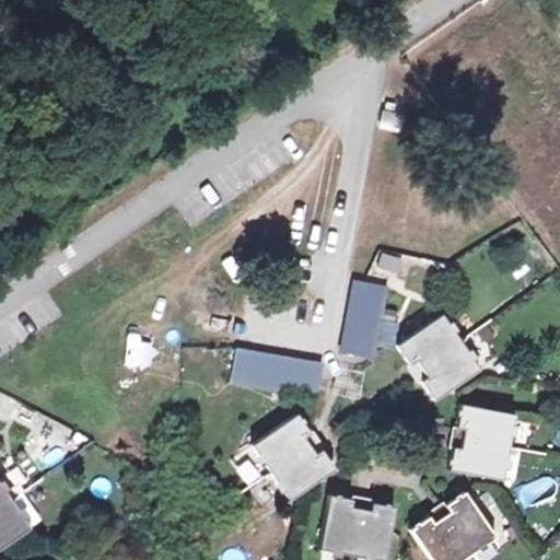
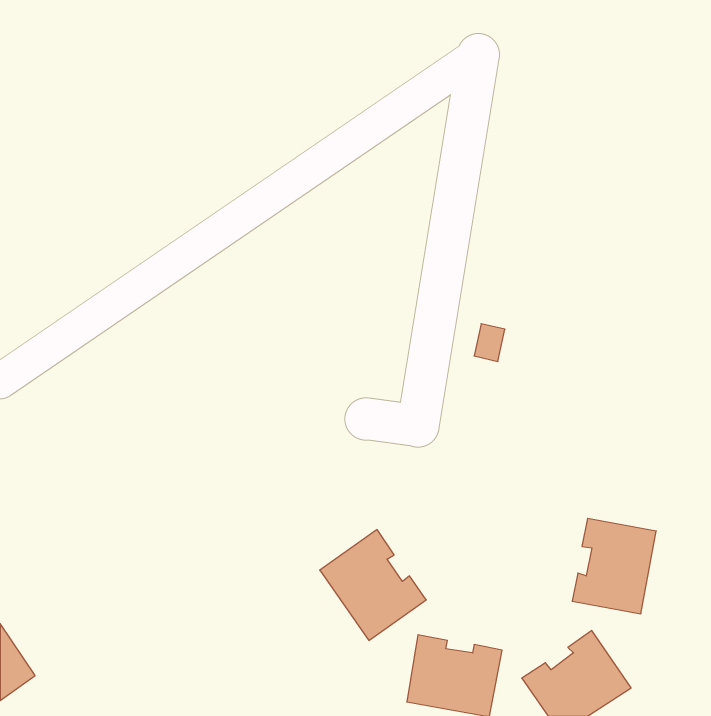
building: [343,280,388,358] -> none
building: [399,314,481,400] -> none
building: [233,351,325,396] -> none

